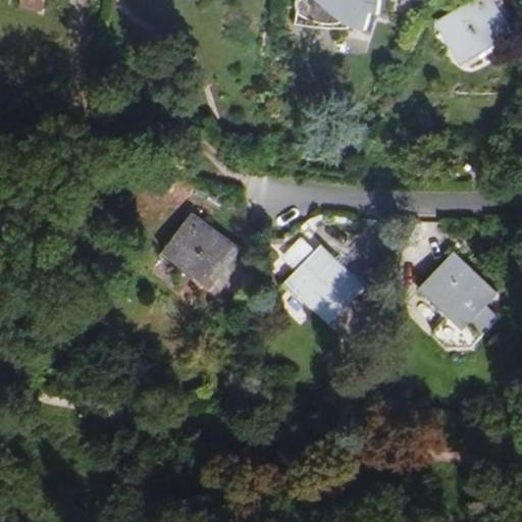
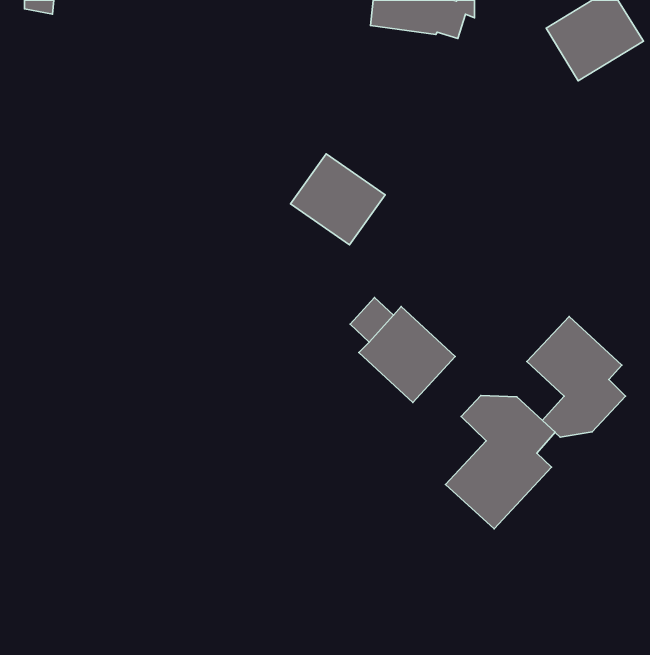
building: [162,213,238,285] -> [290,154,385,245]
building: none -> [446,395,555,529]

